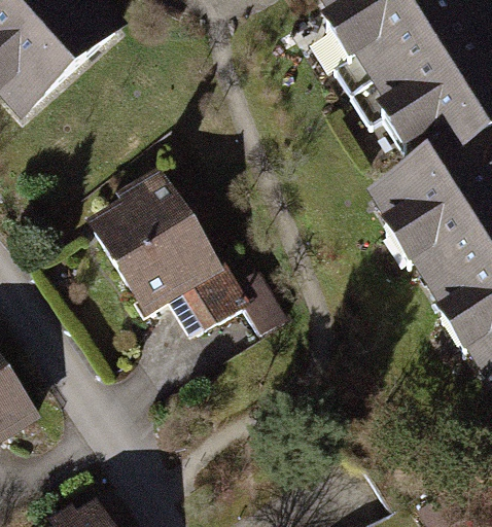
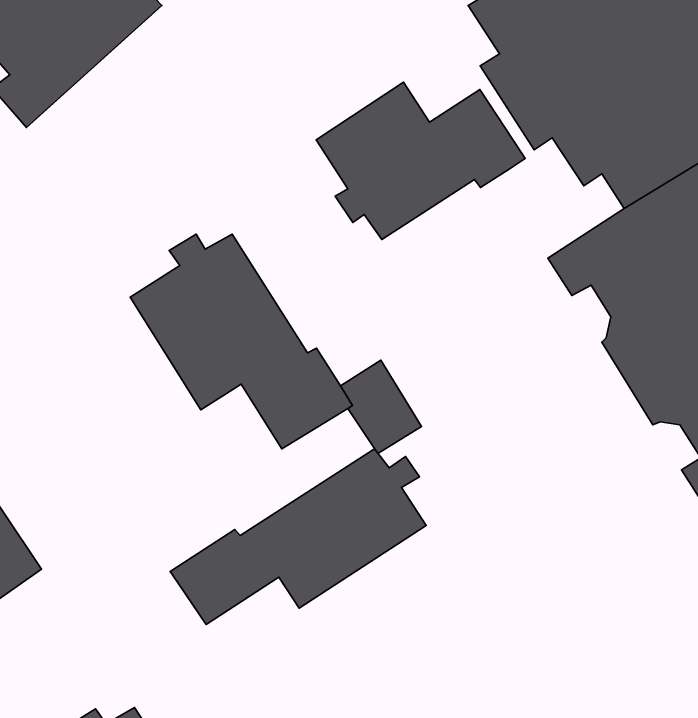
building: none -> [316,82,525,240]
building: none -> [170,449,426,624]

